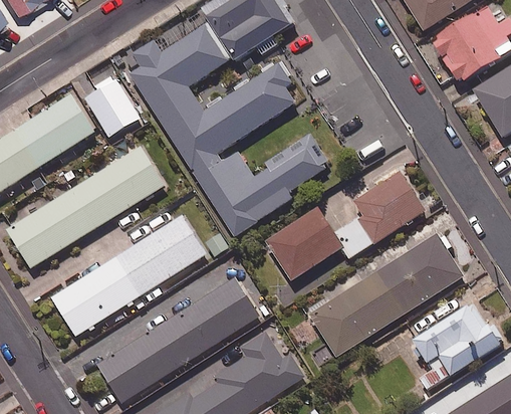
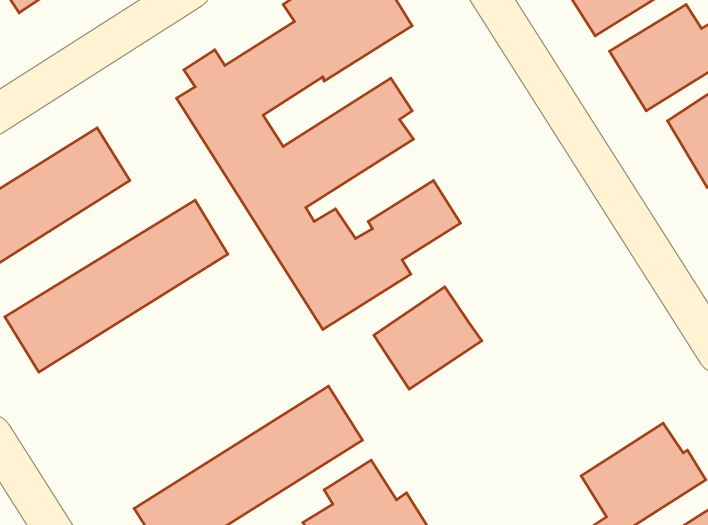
building: [84,75,140,138] -> none
building: [334,171,426,257] -> none
building: [51,215,206,337] -> none
building: [311,235,464,367] -> none

